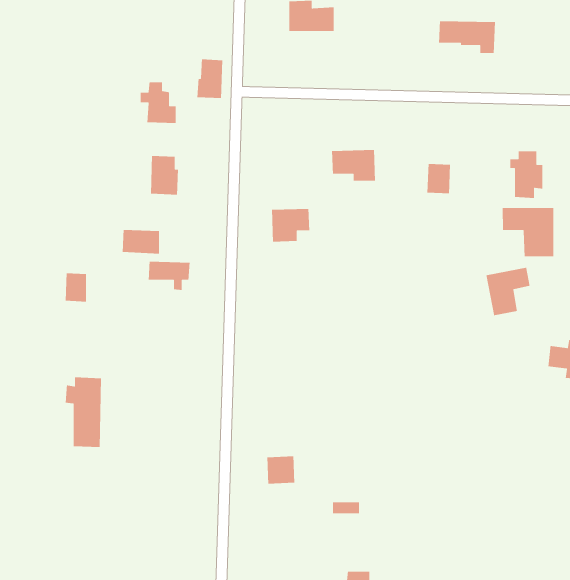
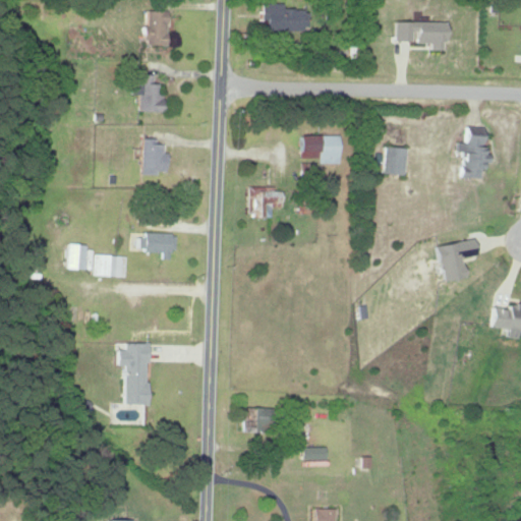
building: [197,59,223,99] -> [146,11,169,47]
building: [502,207,554,257] -> none
building: [122,229,160,255] -> [94,255,127,278]
building: [65,377,102,448] -> [117,343,150,406]

